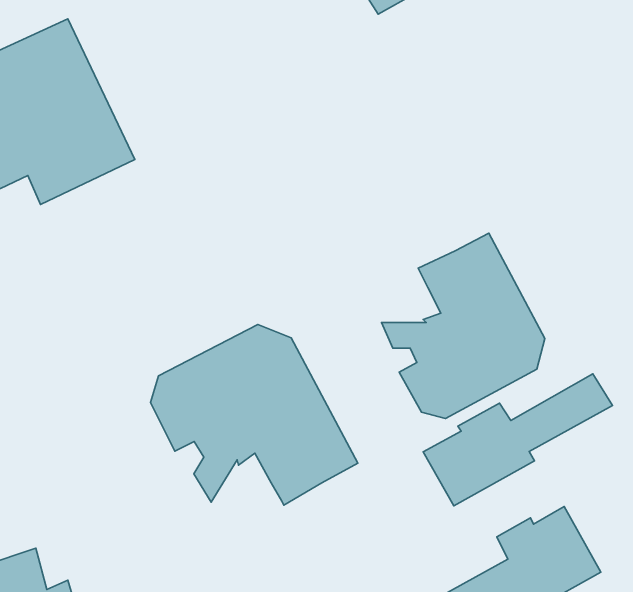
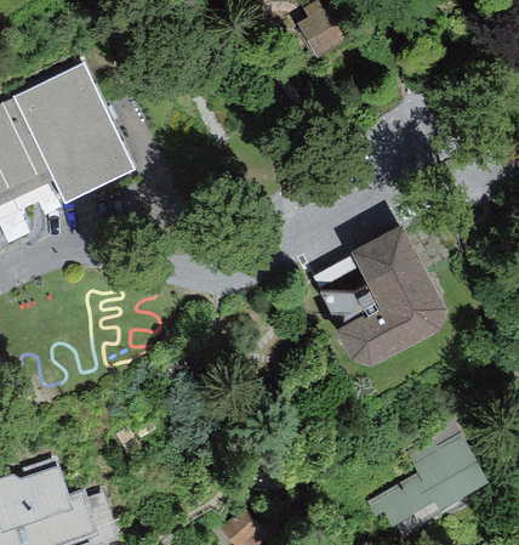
building: [150,324,358,505] -> none
building: [423,374,613,506] -> none

